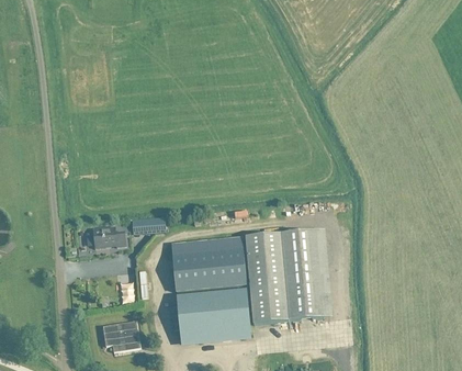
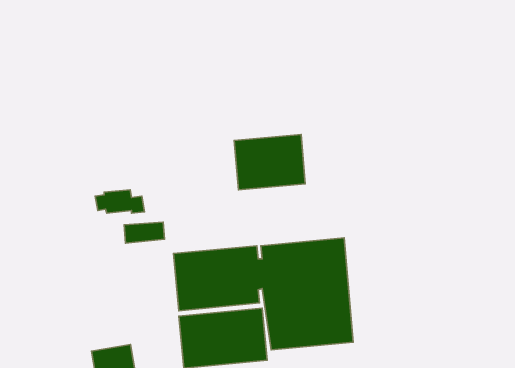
building: none -> [234,135,305,190]
building: [84,227,126,247] -> [95,190,145,213]

